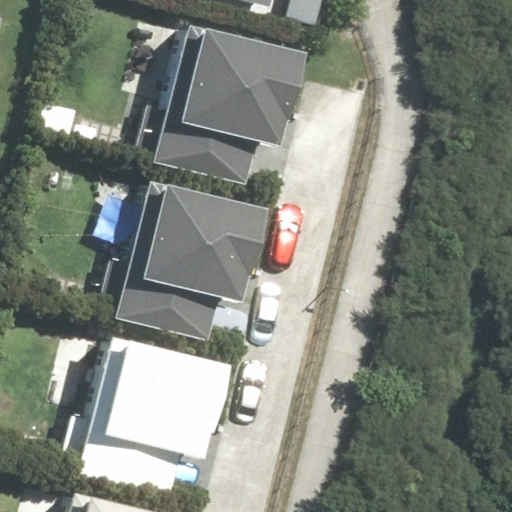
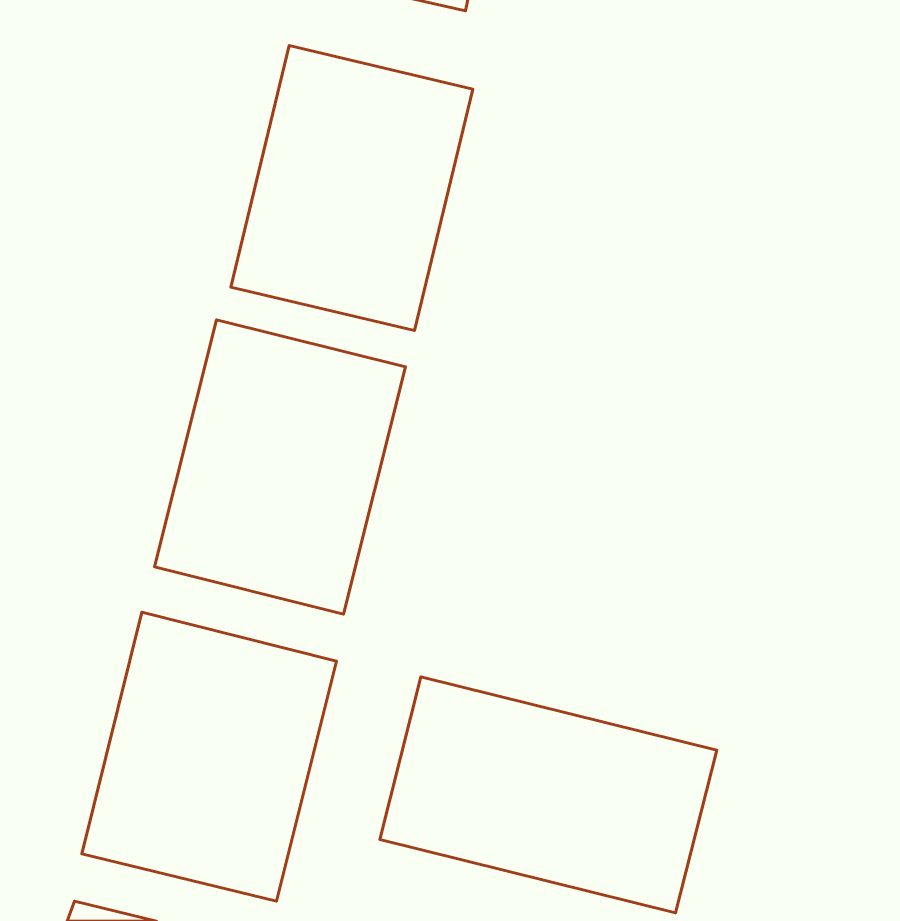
building: none -> [380,677,717,913]

